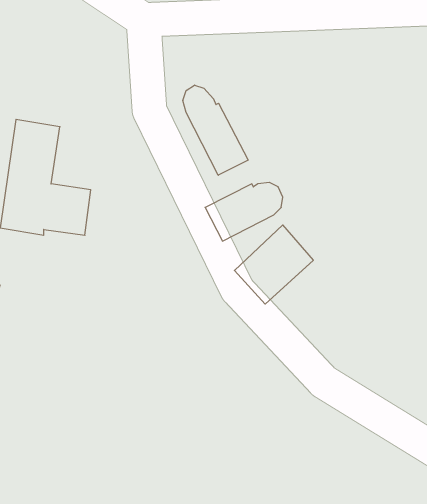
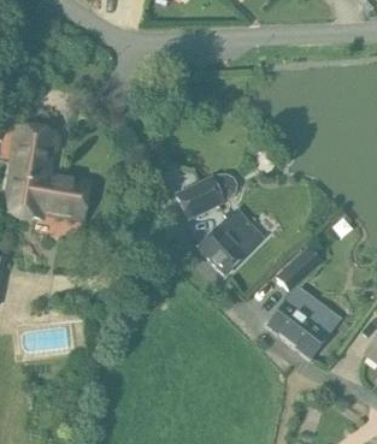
building: [183,85,248,175] -> none
building: none -> [267,245,342,356]

